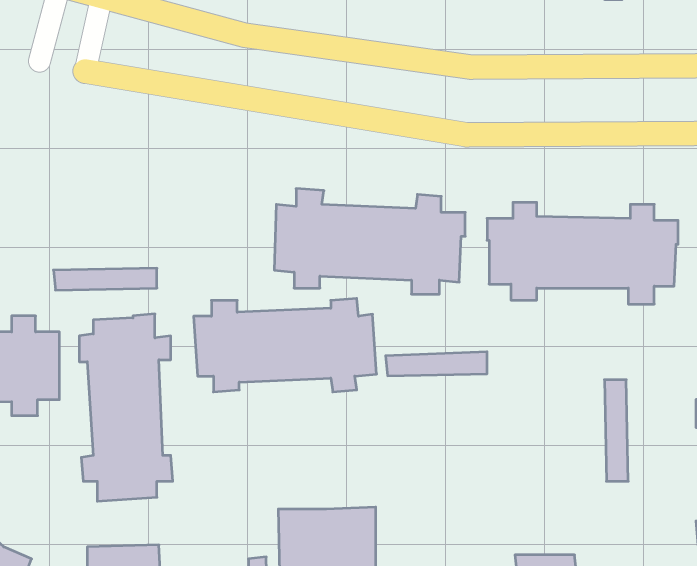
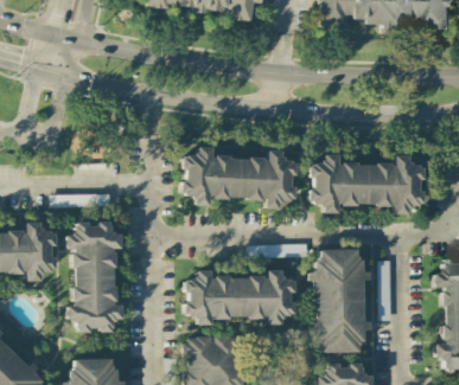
building: [194,298,377,392] -> [185,269,294,325]
building: none -> [313,249,371,352]

